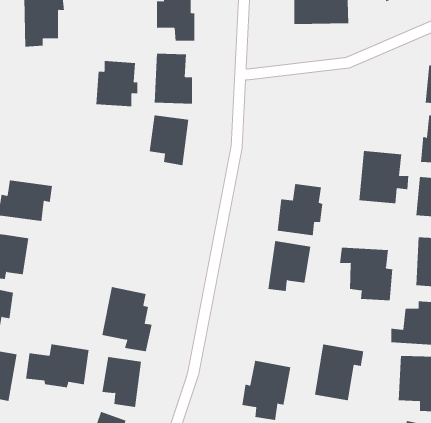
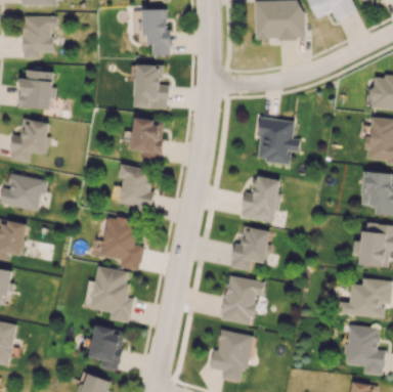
building: [96,61,138,107] -> [18,70,55,110]
building: none -> [9,119,49,163]
building: [358,151,409,204] -> [256,118,300,164]
building: none -> [118,164,154,214]
building: none -> [100,216,143,270]
building: [340,247,393,301] -> none
building: [26,344,89,388] -> none
building: [314,344,364,401] -> [221,275,264,324]

